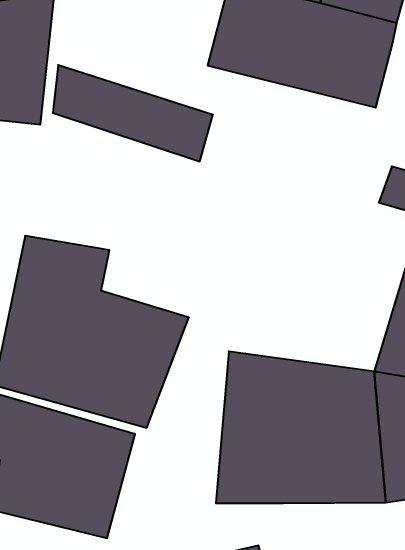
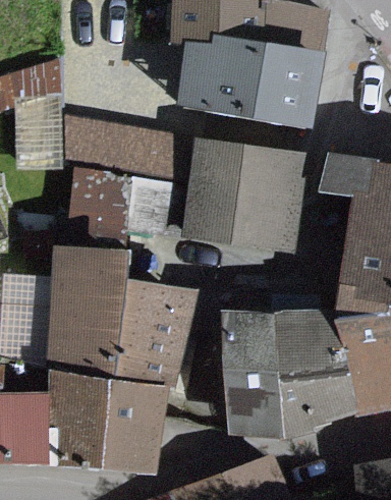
building: none -> [185,142,303,251]
building: none -> [69,172,169,237]

